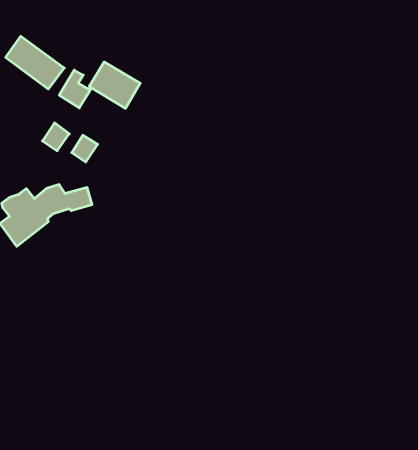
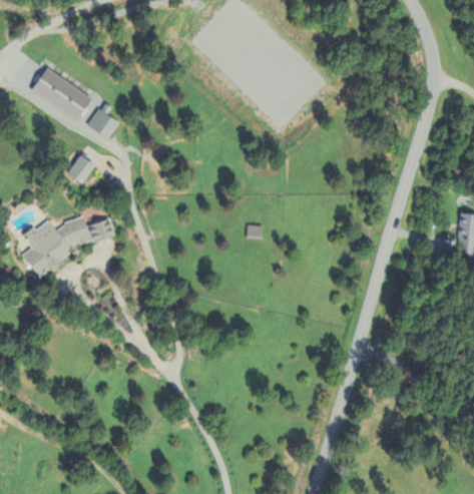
building: [89,62,140,108] -> none
building: [72,135,98,162] -> none

